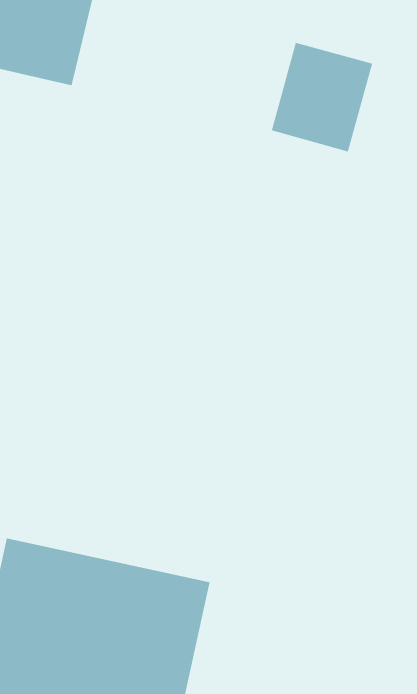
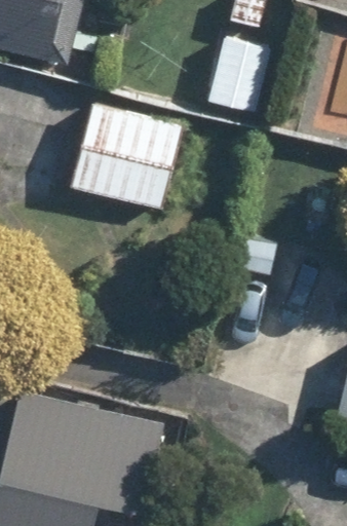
building: none -> [69,105,189,213]

